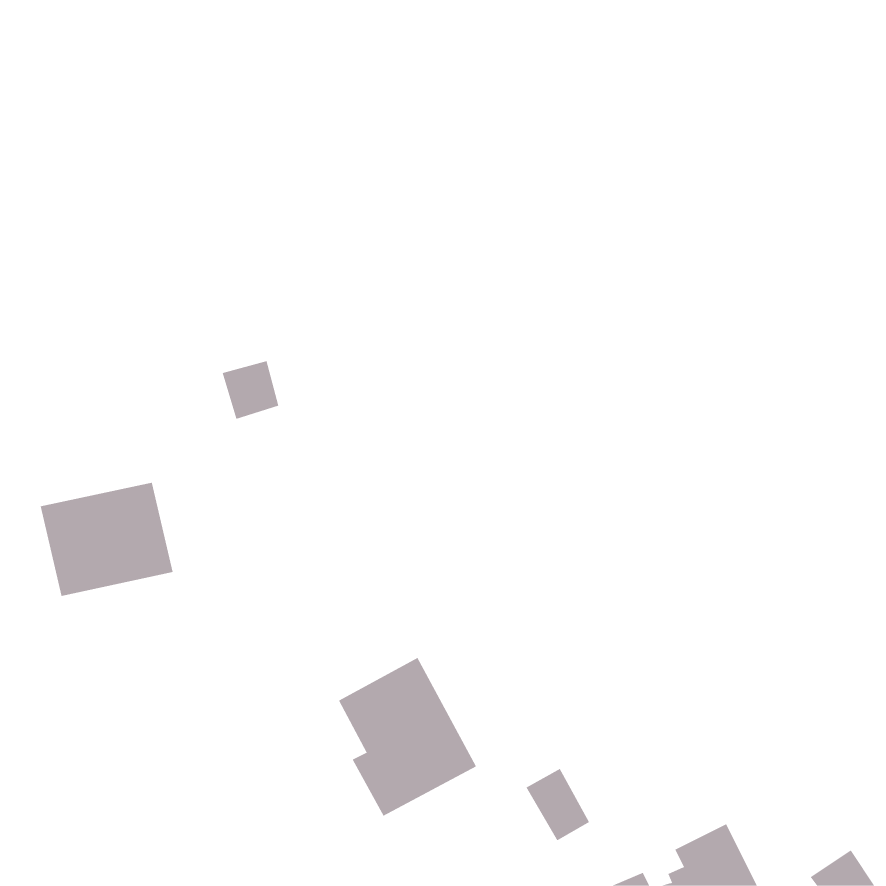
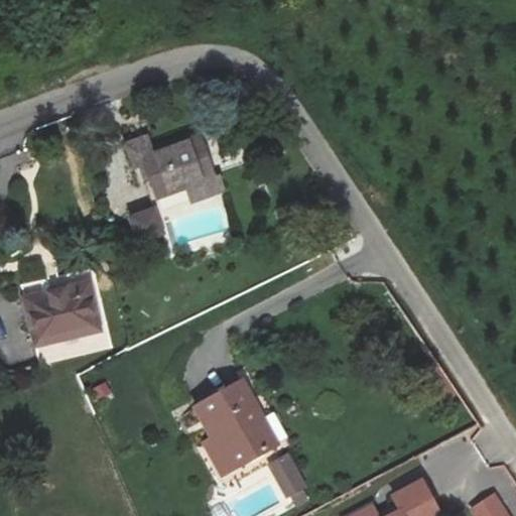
building: none -> [125,134,225,201]
building: [526,768,590,841] -> [269,454,306,496]

